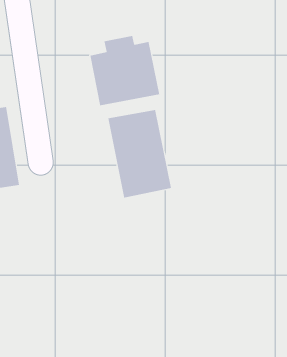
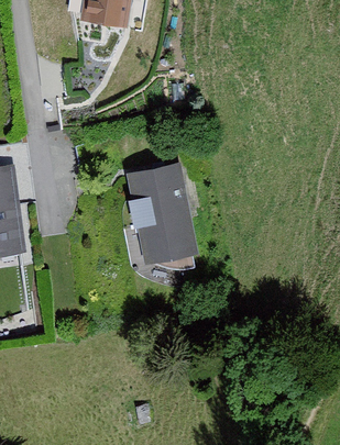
building: [90,35,160,106] -> none

